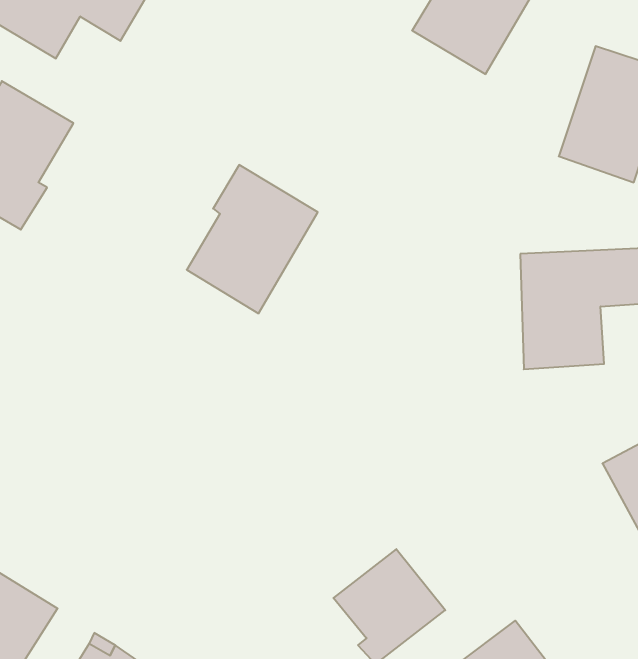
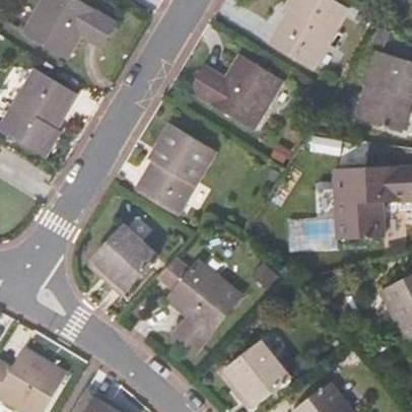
building: none -> [189,53,281,125]
building: none -> [92,224,156,292]
building: none -> [155,258,241,353]

